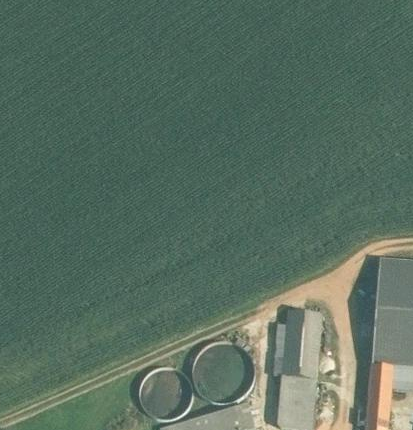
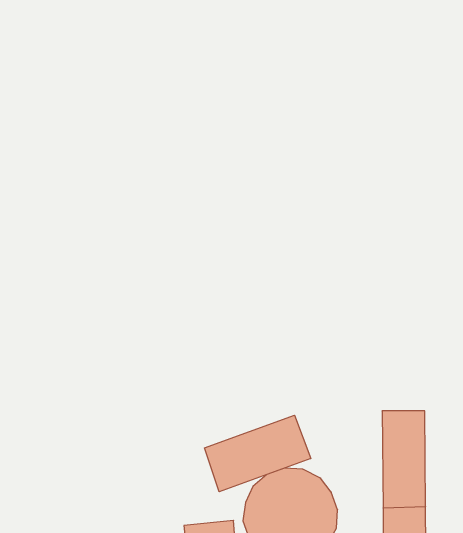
building: none -> [205,415,311,492]

